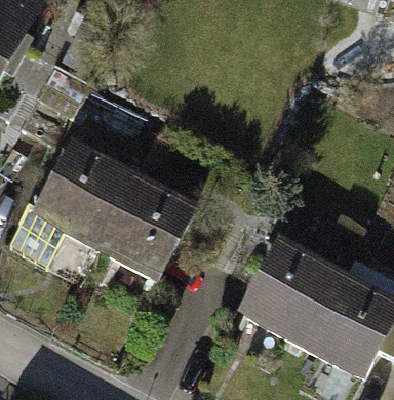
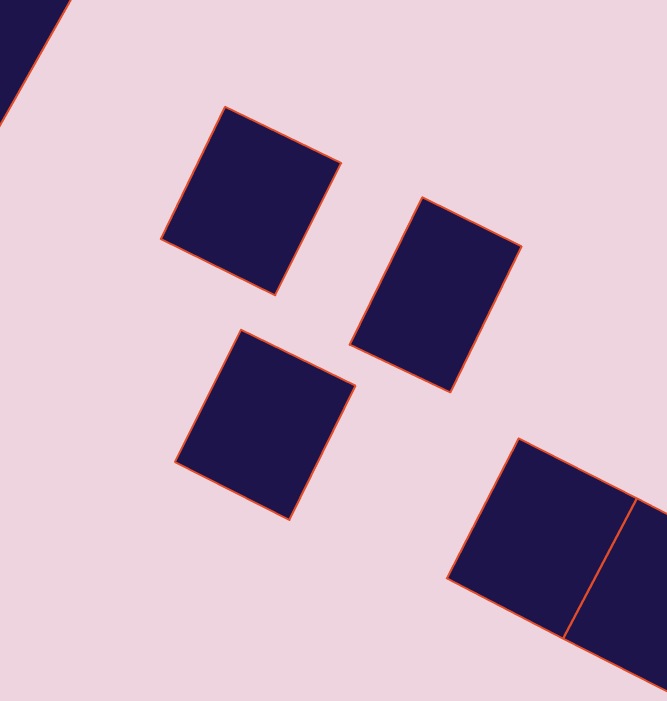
building: none -> [350,197,521,392]
building: [35,154,130,253] -> [161,107,341,295]

